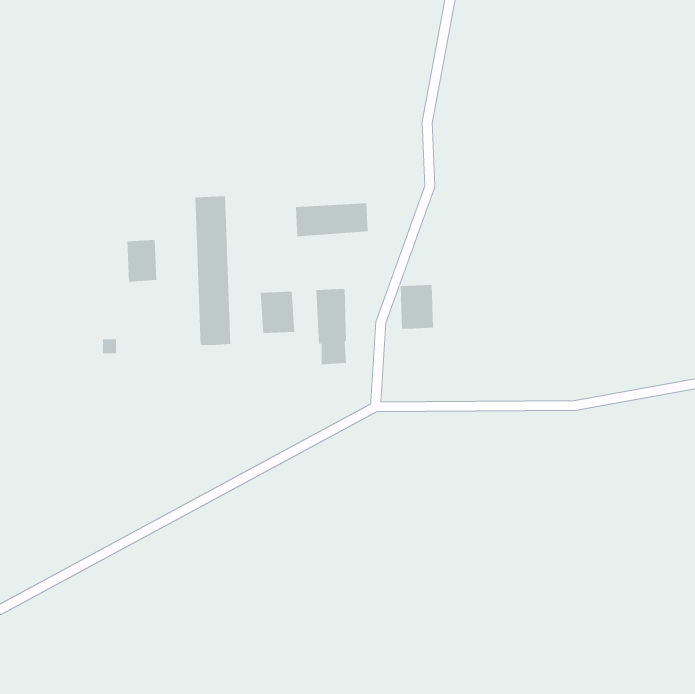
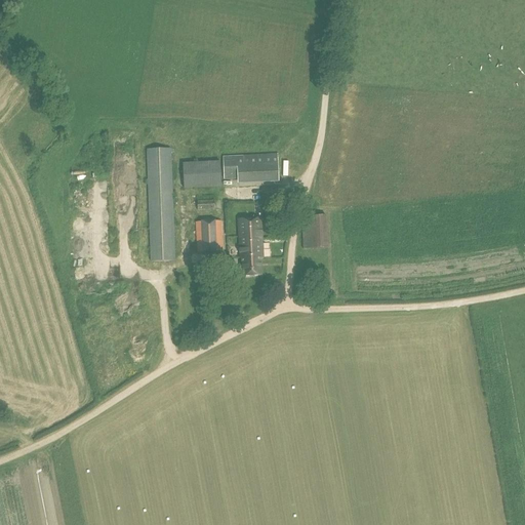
building: none -> [183,160,221,188]
building: [127,239,157,283] -> none

